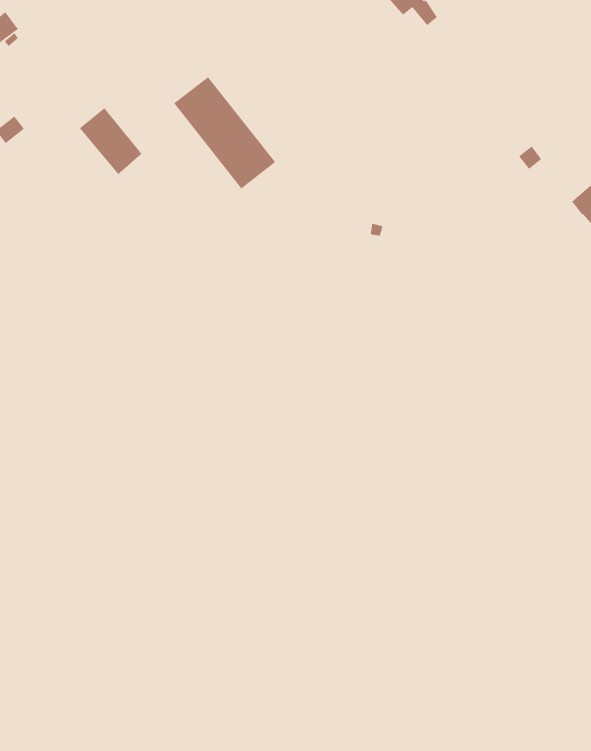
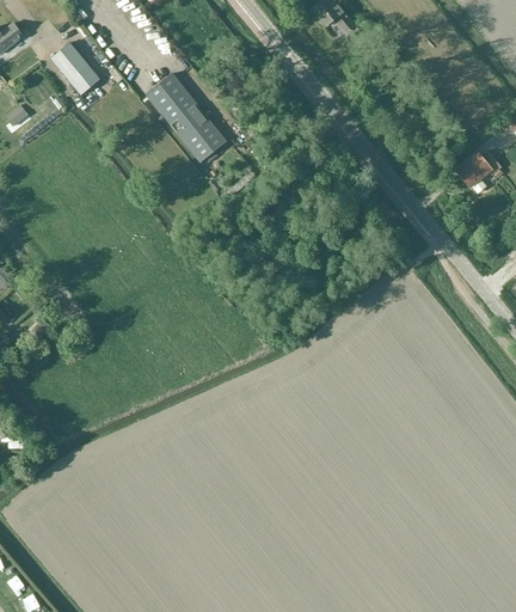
building: [79,107,142,175] -> [50,42,100,96]

